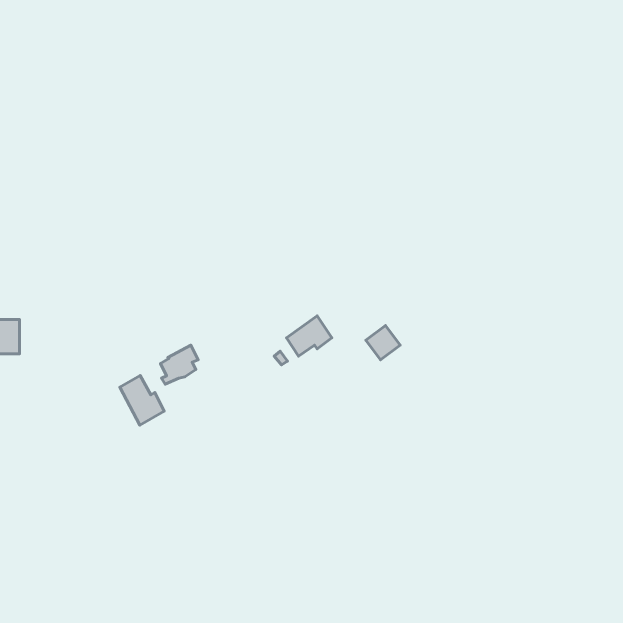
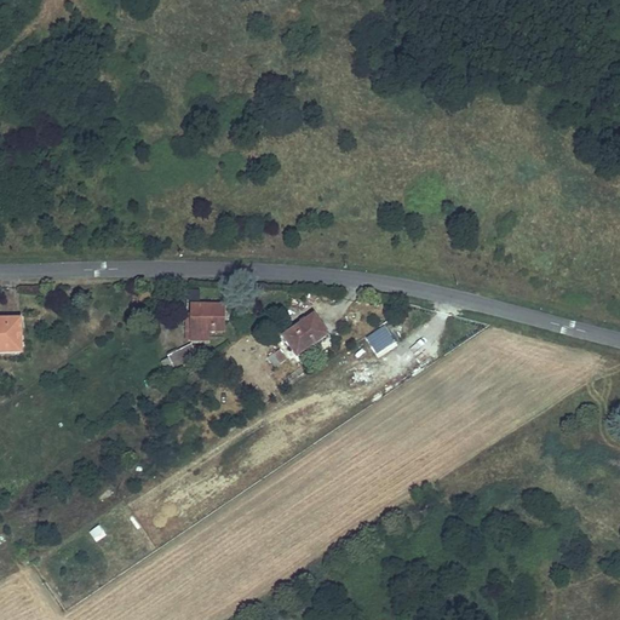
building: none -> [190,303,223,338]
building: [120,375,164,425] -> none

